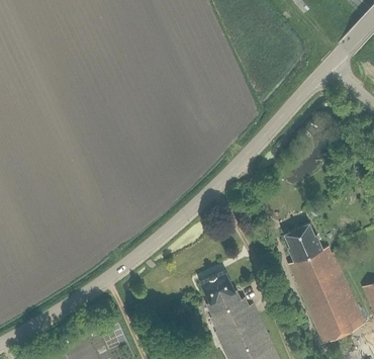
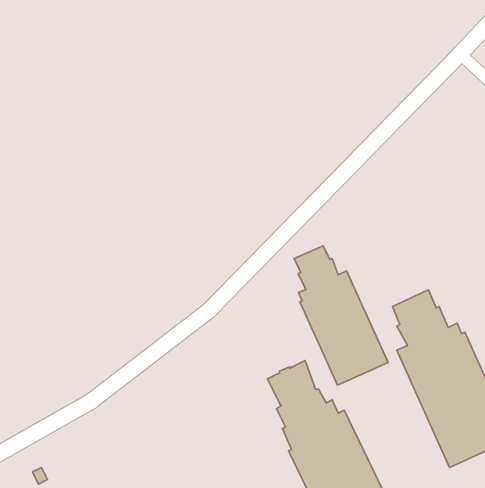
building: none -> [294,246,388,385]

